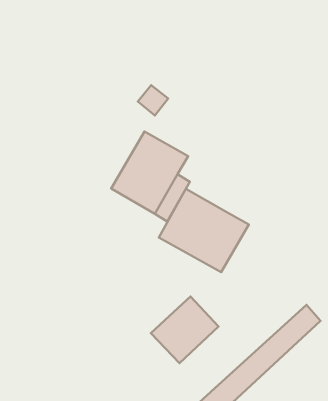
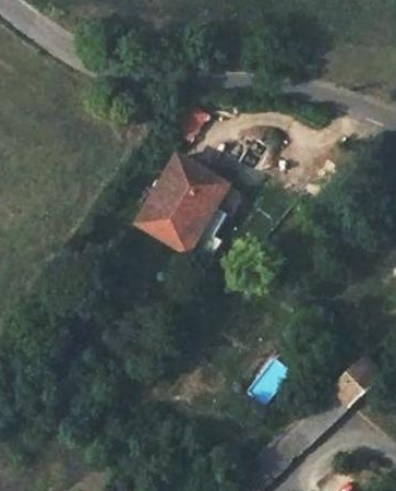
building: [159,189,249,272] -> none
building: [151,296,218,363] -> none

